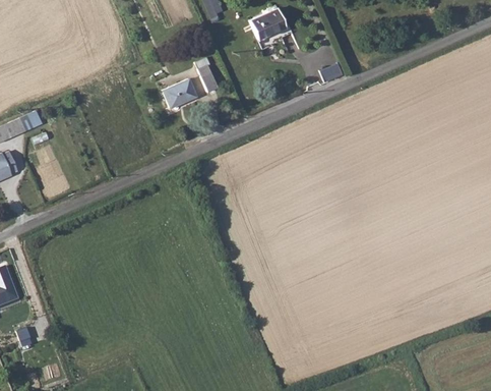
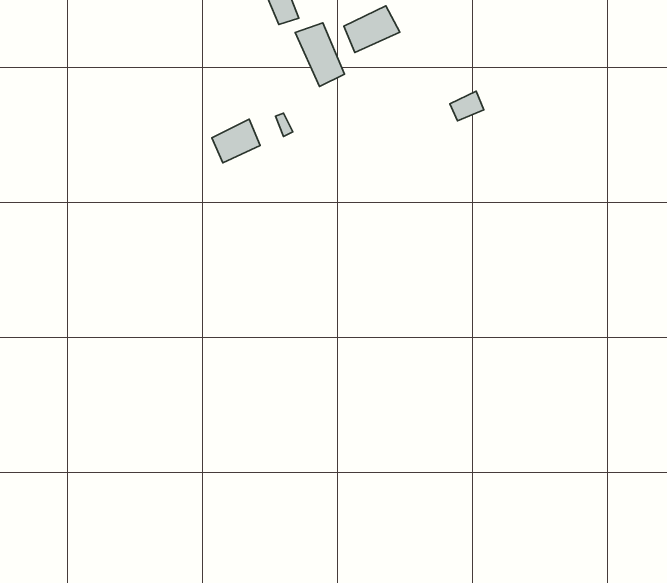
building: none -> [295,23,344,87]

